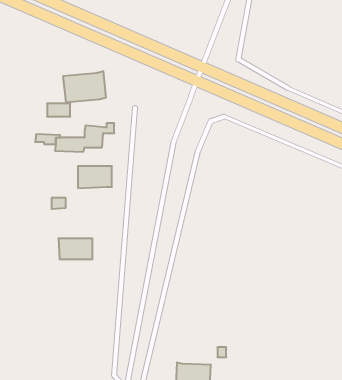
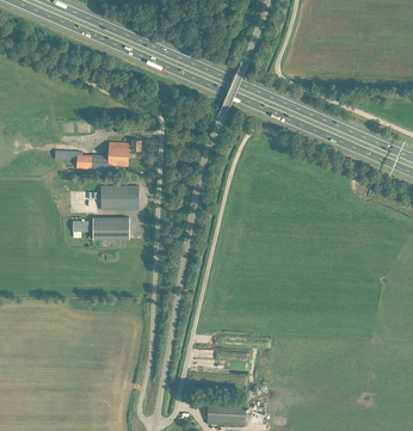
building: [63,71,106,103] -> none
building: [58,238,92,259] -> [92,217,129,240]

